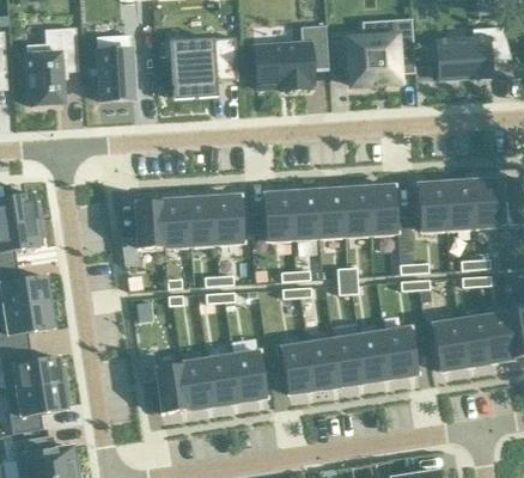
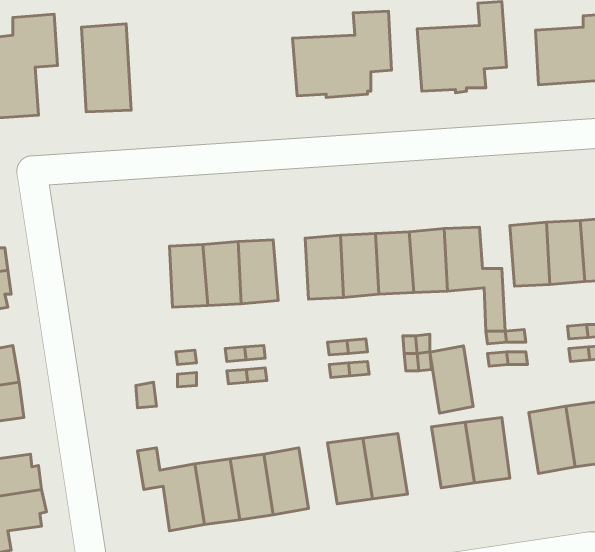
building: [169,36,237,98] -> none
building: [120,200,164,264] -> none
building: [333,335,365,385] -> [430,346,473,413]

